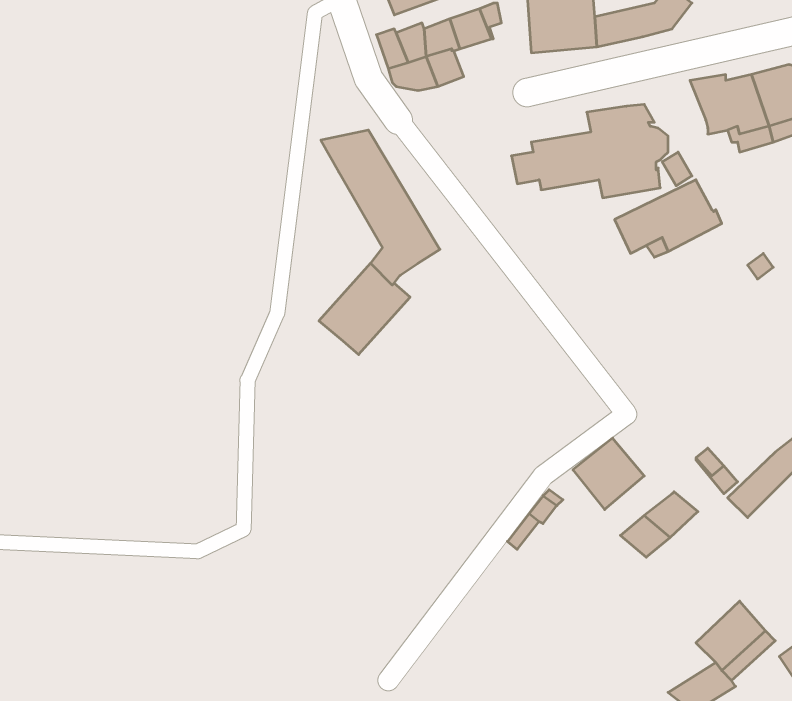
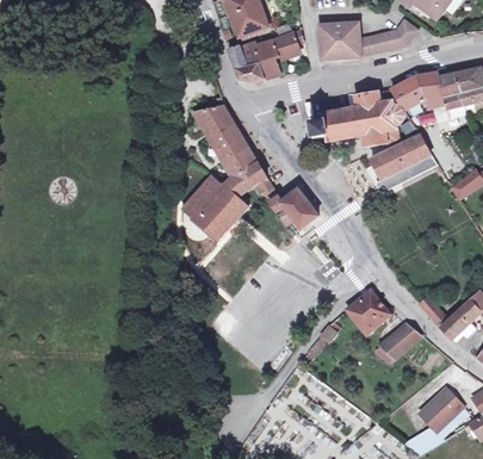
building: none -> [390,75,427,108]
building: none -> [180,173,224,219]
building: none -> [253,176,318,228]

